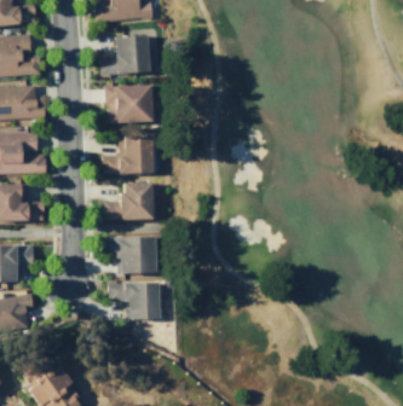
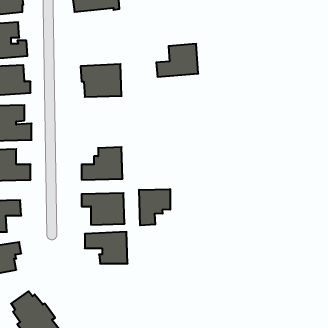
building: [100,35,150,74] -> [156,44,198,77]
building: [103,135,154,173] -> none
building: none -> [139,189,170,225]

